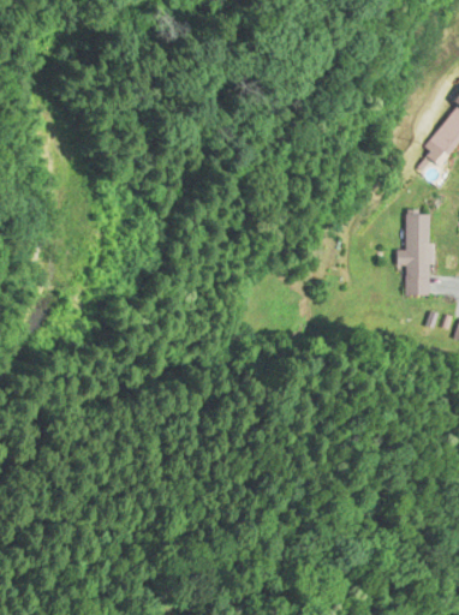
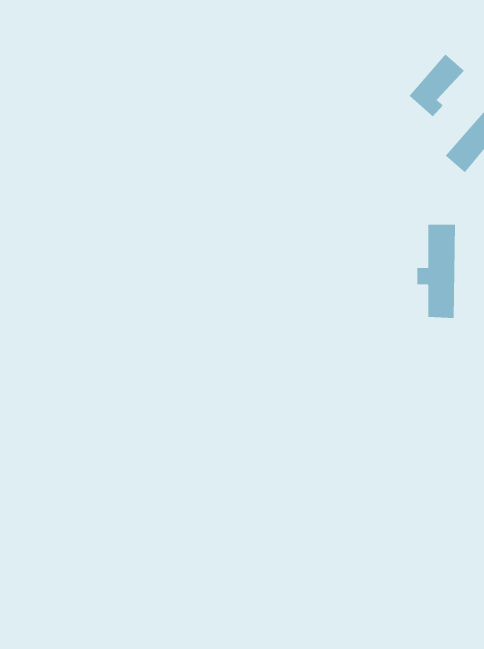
building: none -> [409,54,465,117]

